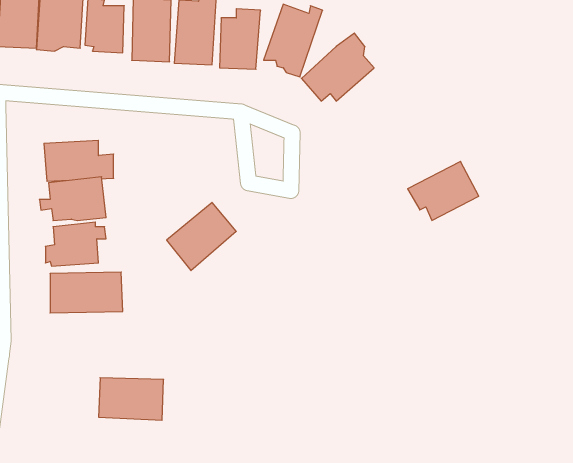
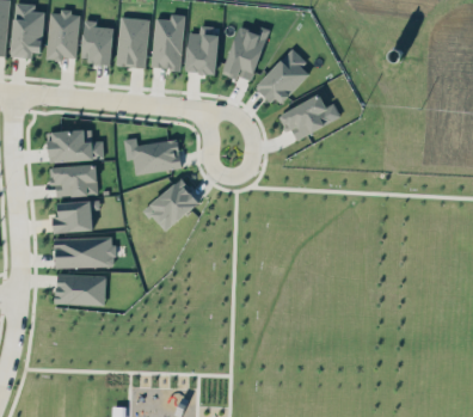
building: none -> [130,141,183,177]
building: [408,161,479,220] -> [278,96,334,142]
building: [99,378,164,420] -> [54,272,105,306]

